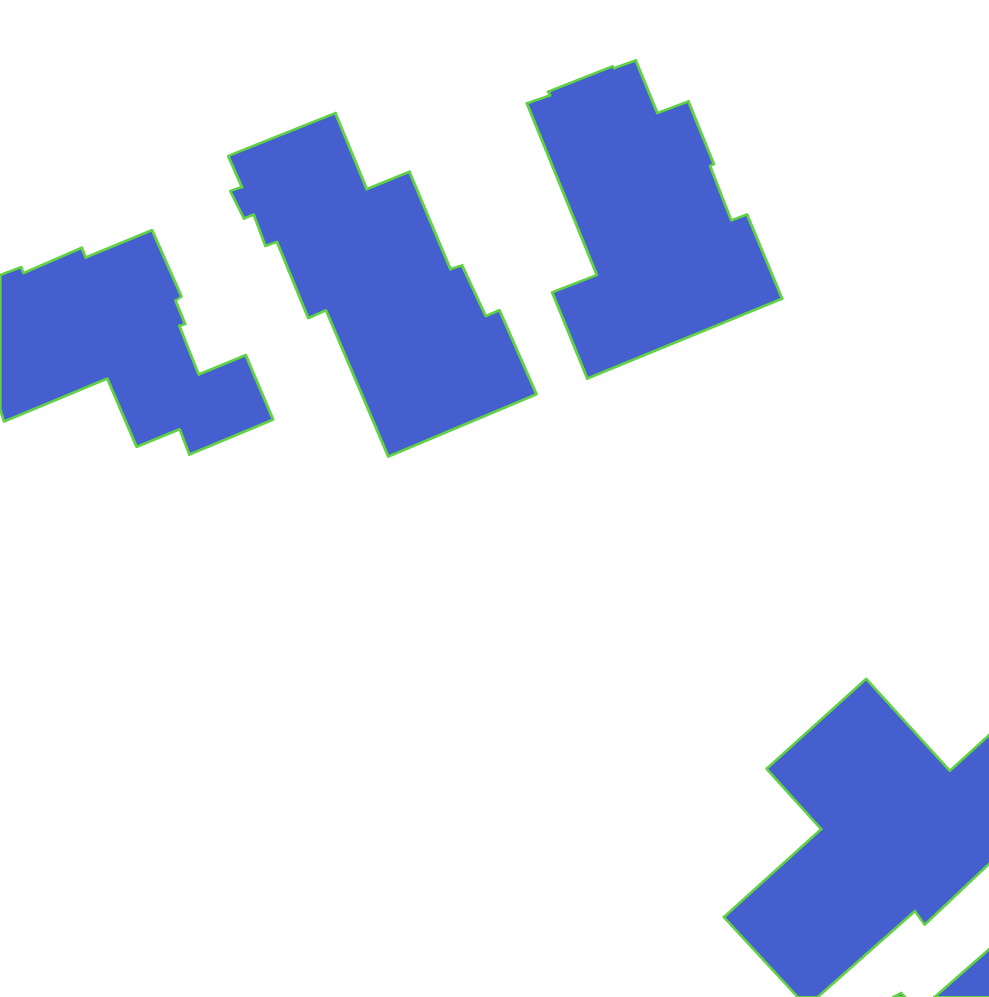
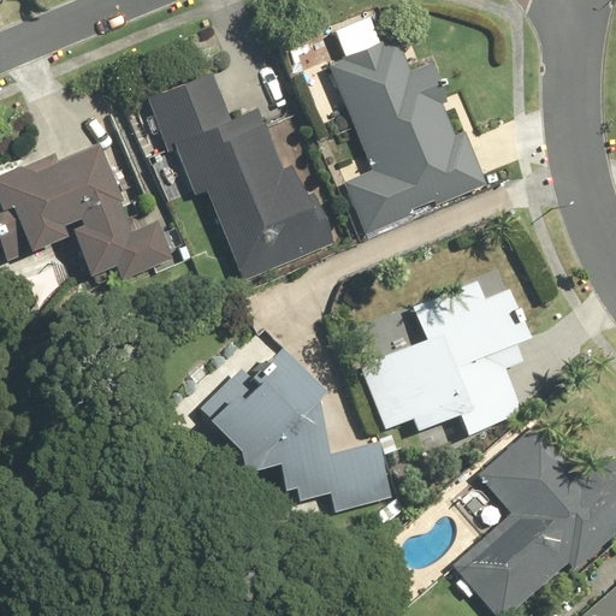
building: none -> [360,282,527,436]
building: none -> [200,346,392,511]

